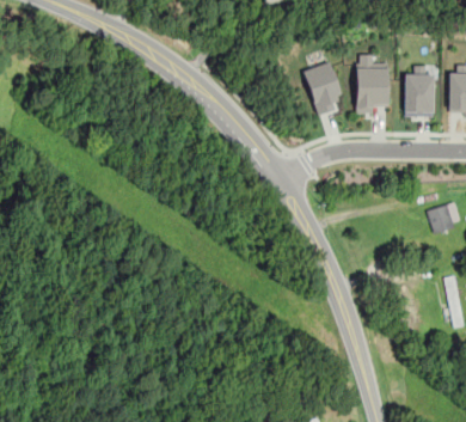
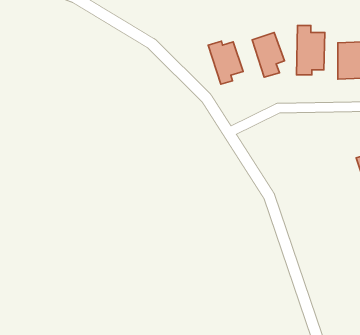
building: none -> [208,41,243,84]

